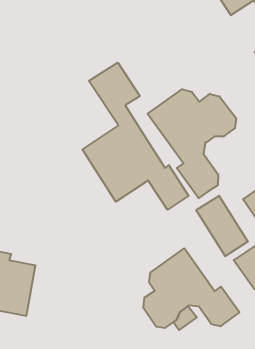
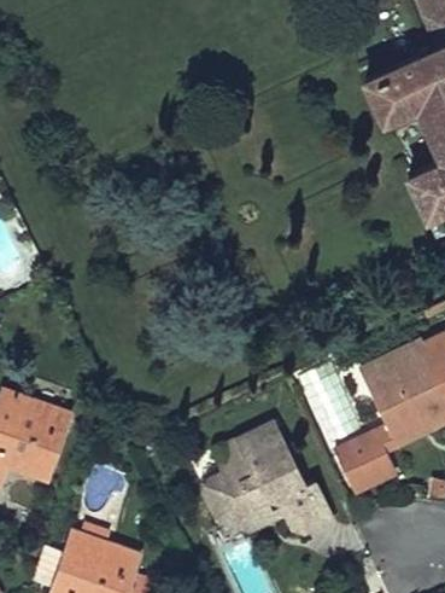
building: [82,63,189,210] -> none
building: [148,89,236,198] -> none

